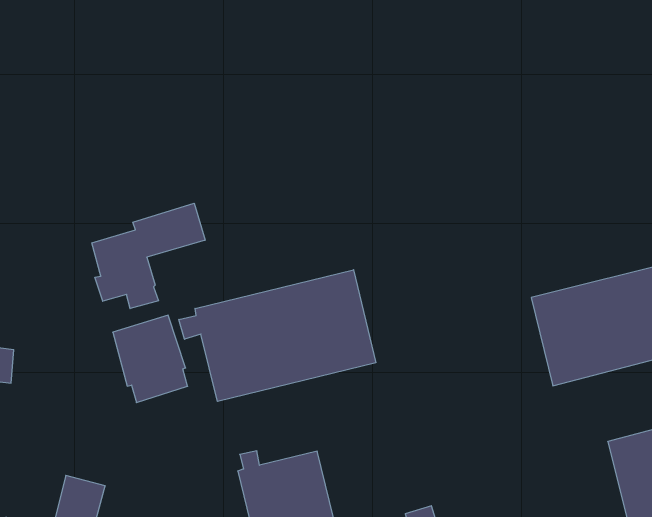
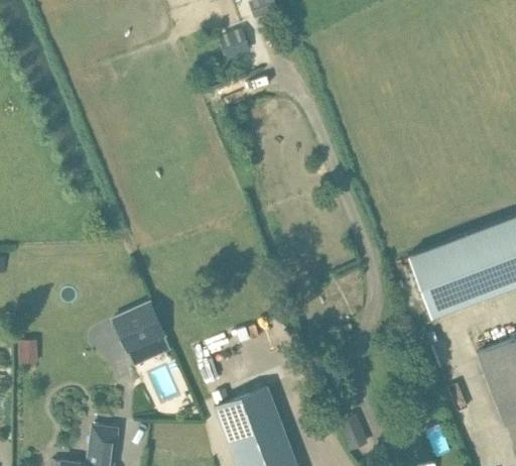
building: [92,203,205,309] -> none
building: [179,270,376,401] -> none

